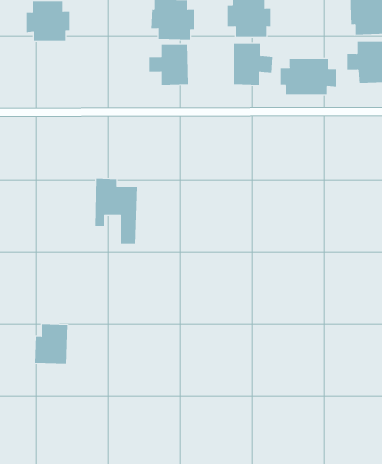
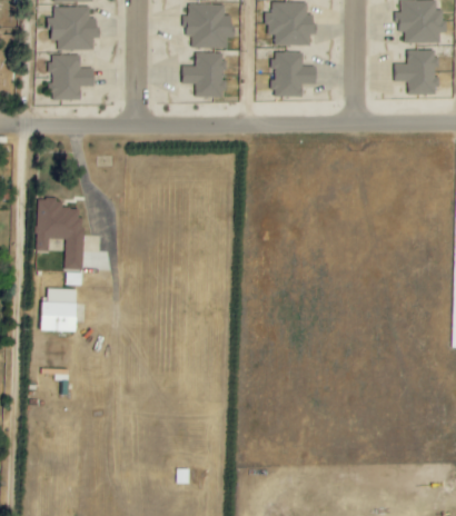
building: none -> [50,53,93,99]
building: [280,58,336,95] -> none
building: [94,178,138,244] -> [37,198,83,269]
building: [34,324,68,364] -> [39,288,76,331]

